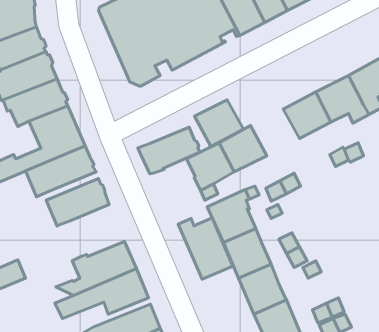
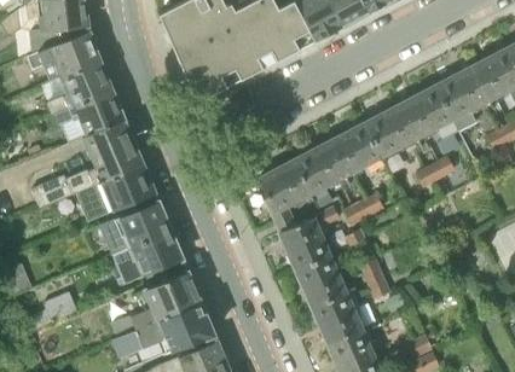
building: [195,100,243,147] -> [328,123,382,175]
building: [138,127,200,174] -> [114,229,183,281]
building: [178,218,233,279] -> none

